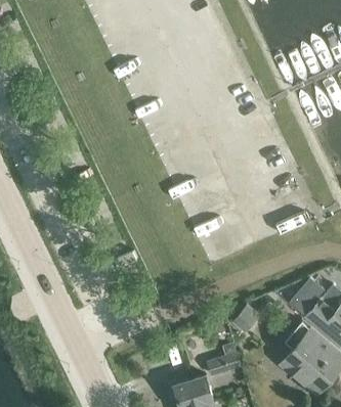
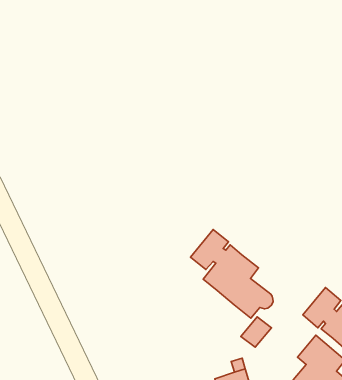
building: none -> [191,230,273,318]

